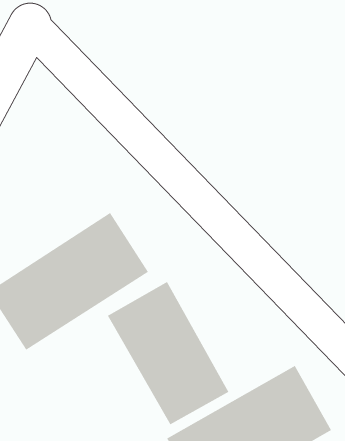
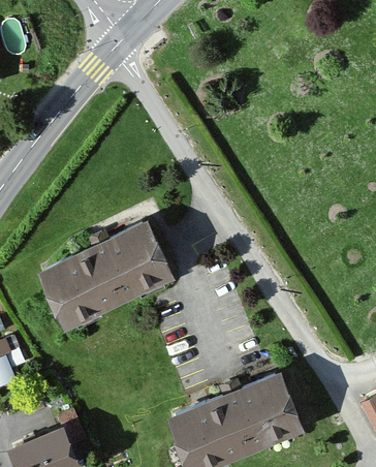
building: [107,281,229,425] -> none

